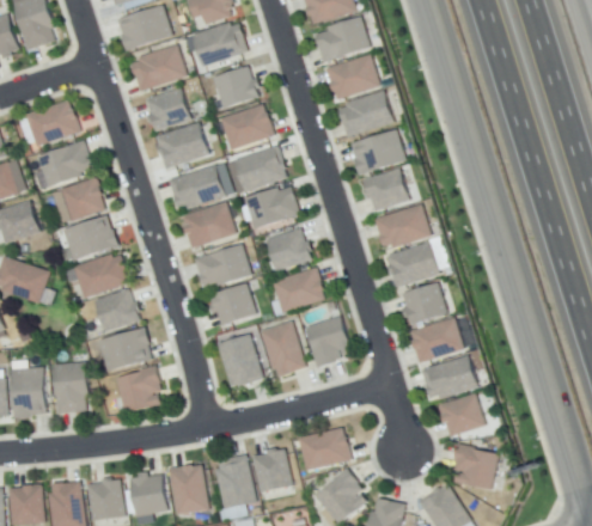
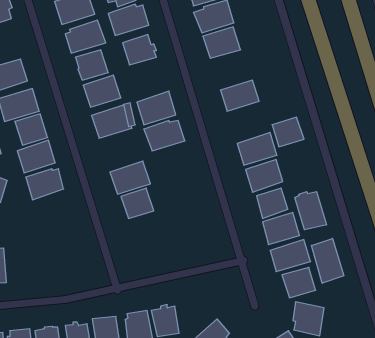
building: [336,91,395,137] -> none
building: [221,104,274,151] -> none
building: [364,169,409,210] -> [272,117,304,147]
building: [183,203,236,249] -> none
building: [266,226,311,271] -> none
building: [271,267,325,312] -> none
building: none -> [295,192,326,230]
building: [94,288,140,332] -> none
building: [305,316,353,367] -> none
building: [258,320,307,377] -> none
building: [98,326,153,372] -> none
building: [218,334,264,387] -> none
building: none -> [311,238,344,283]
building: [54,361,89,415] -> none
building: [116,366,161,414] -> none
building: [297,427,350,471] -> none

